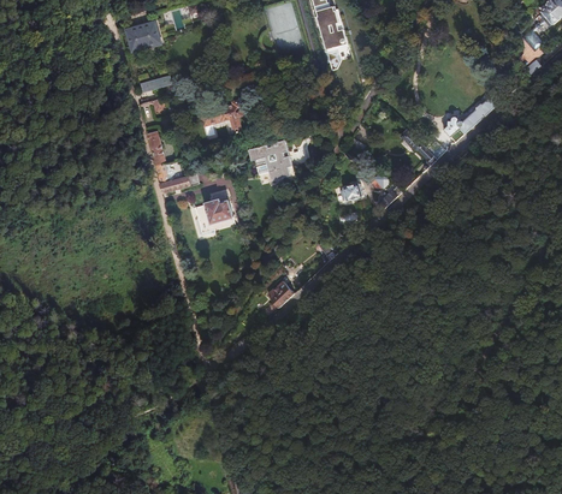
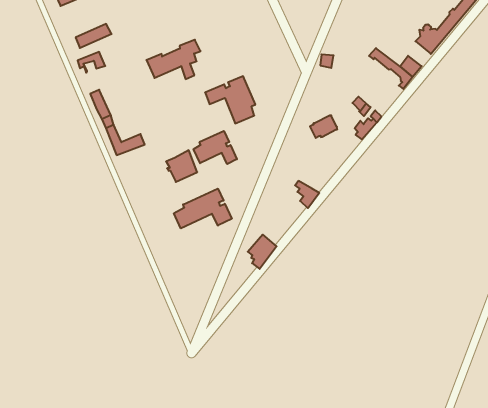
building: none -> [194,131,237,164]
building: none -> [174,189,232,228]

